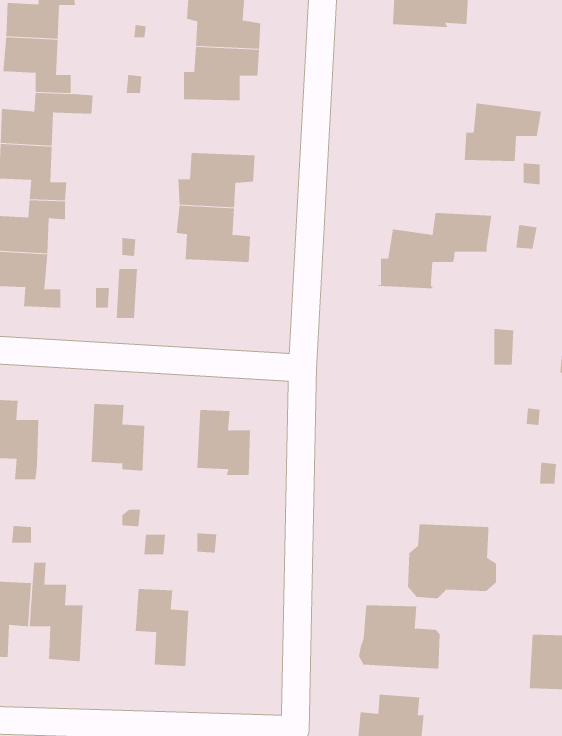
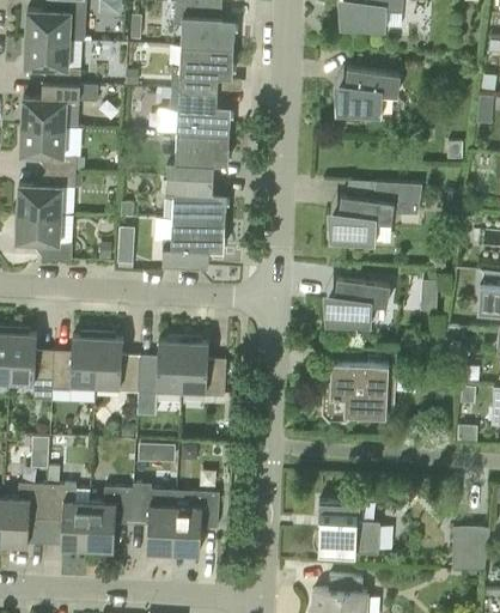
building: none -> [169,91,230,136]
building: [464,103,542,162] -> [337,69,401,117]
building: none -> [163,221,225,268]
building: none -> [327,279,390,328]
building: none -> [53,338,98,390]
building: none -> [138,342,184,417]
building: [407,524,497,599] -> [322,363,395,424]
building: none -> [87,488,134,551]
building: none -> [173,492,220,554]

